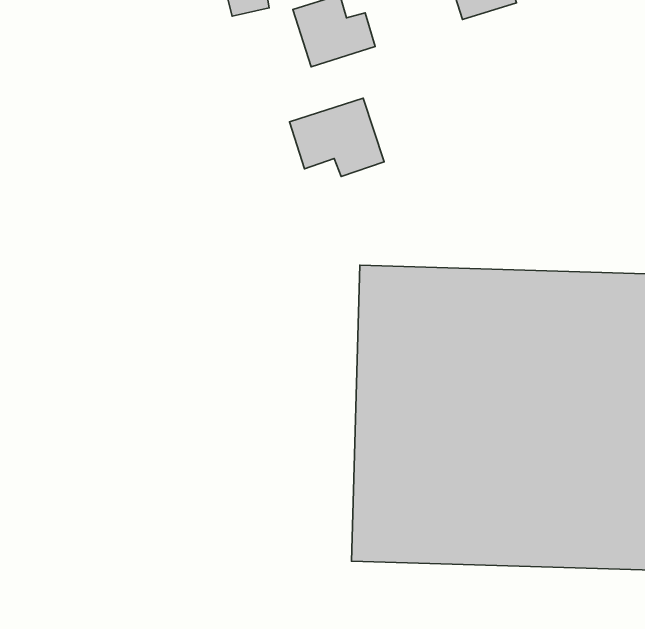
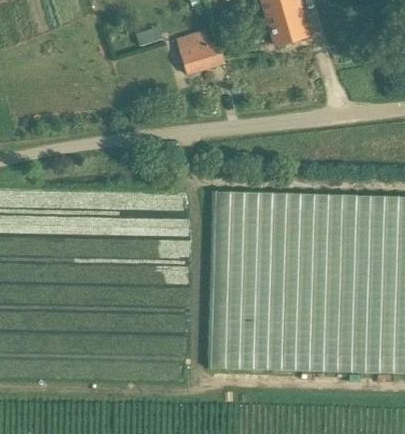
building: [289,98,384,176] -> none

